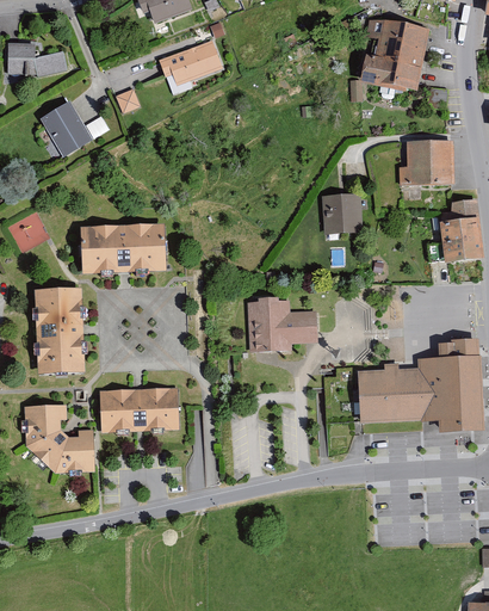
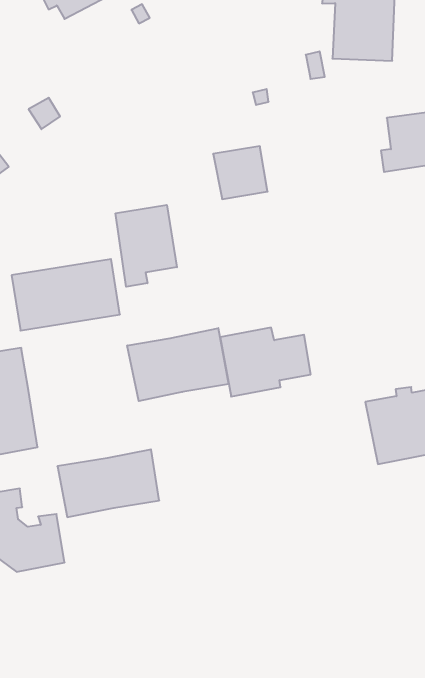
building: [159,41,222,84] -> none
building: none -> [116,205,177,287]
building: [322,192,363,232] -> [213,146,268,199]
building: none -> [127,328,228,401]

